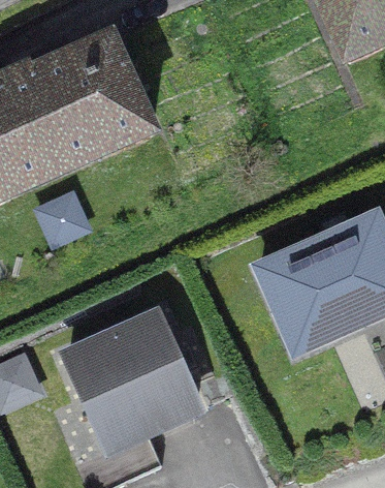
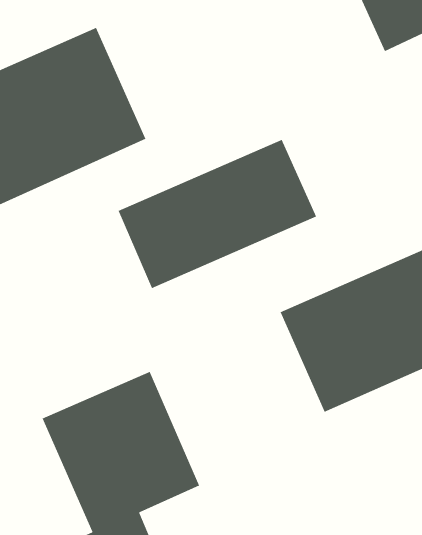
building: none -> [118,139,317,289]

